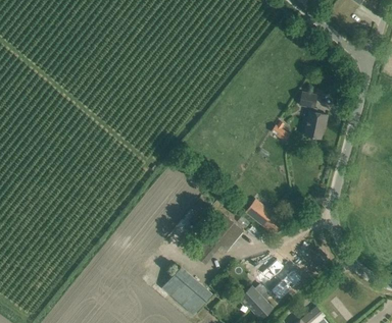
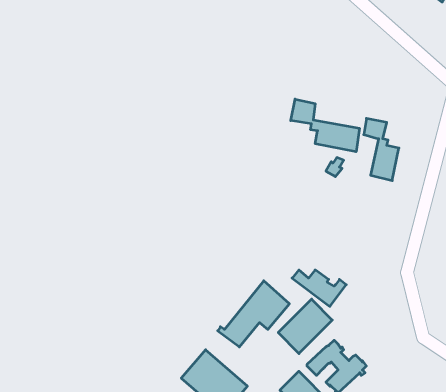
building: none -> [291,99,359,152]
building: none -> [278,299,332,354]

